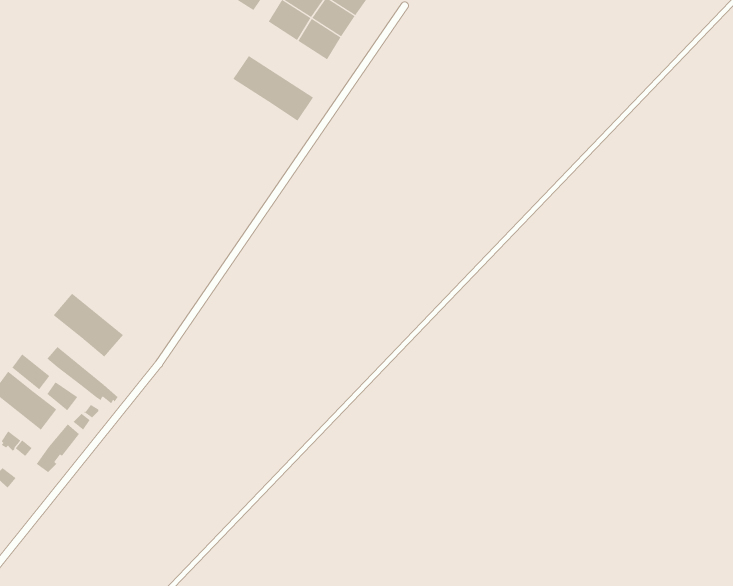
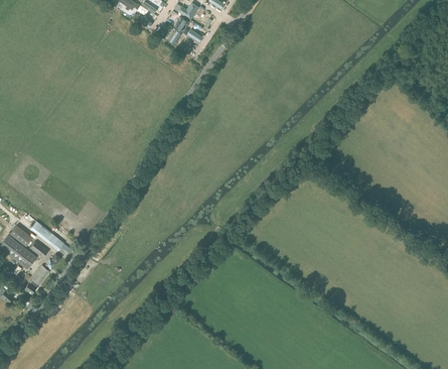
building: [232,55,314,121] -> none
building: [53,293,124,358] -> none

